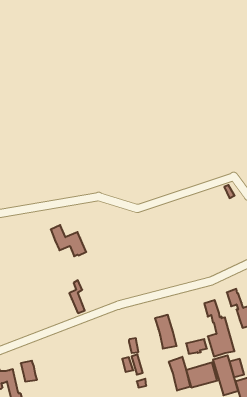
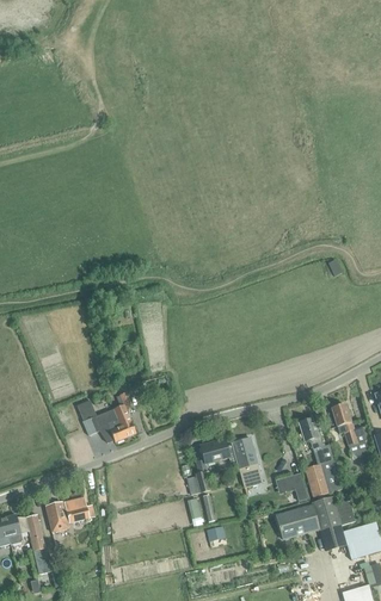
building: [51,225,86,256] -> [76,399,125,442]
building: none -> [199,440,236,463]
building: none -> [64,496,94,522]
building: [169,357,190,391] -> none

